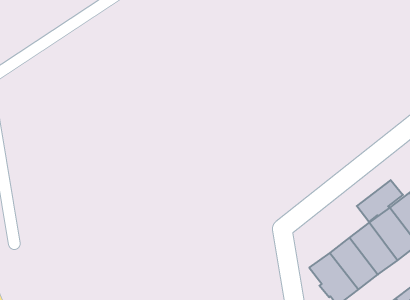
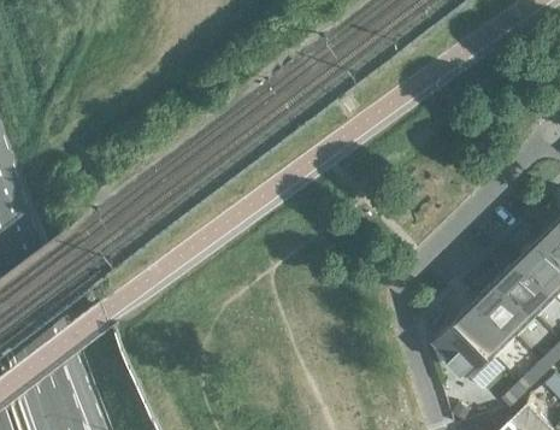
building: [357,180,403,222] -> none

